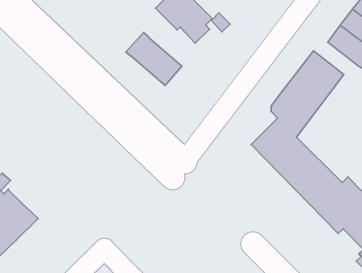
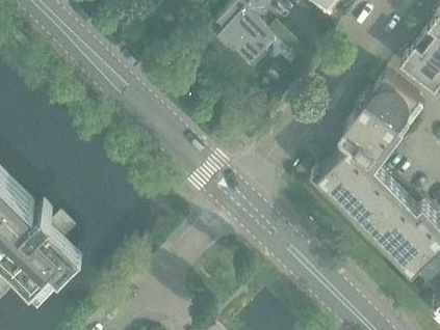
building: [126,32,182,85] -> none

